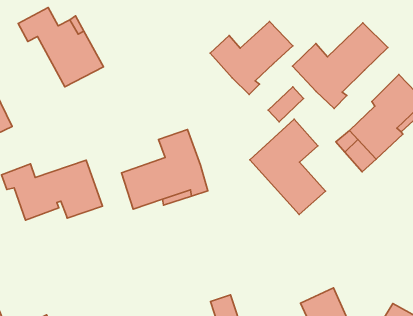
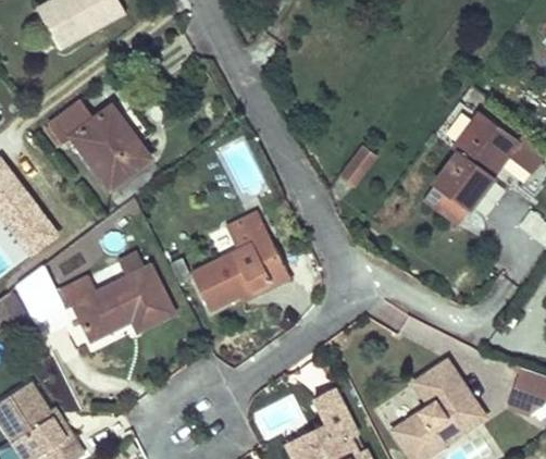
building: [210,22,293,95] -> none
building: [293,23,388,109] -> none
building: [250,119,325,215] -> none

